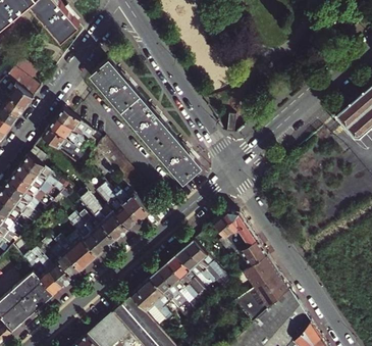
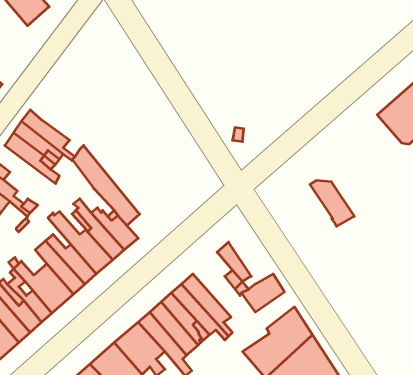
building: [91,60,199,181] -> none
building: [221,211,257,248] -> [310,181,354,226]
building: [243,254,274,284] -> none

